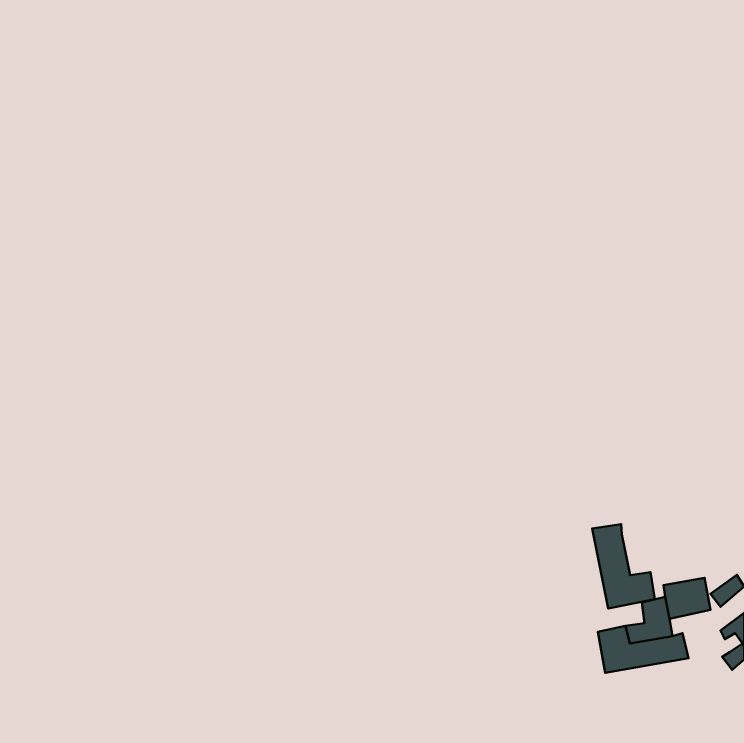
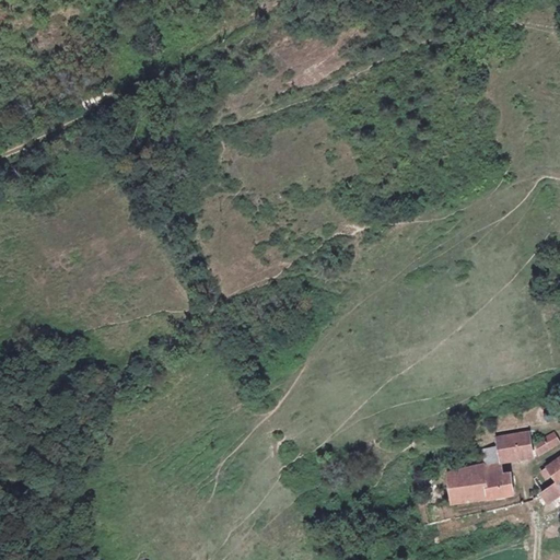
building: [592,524,655,609] -> none

